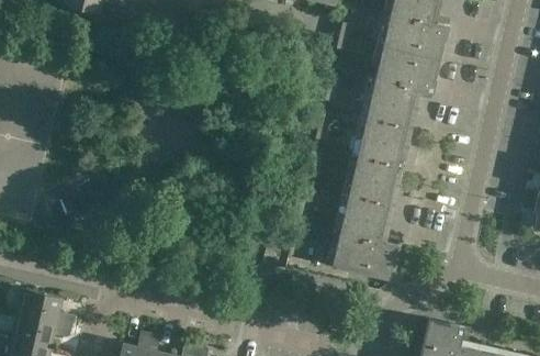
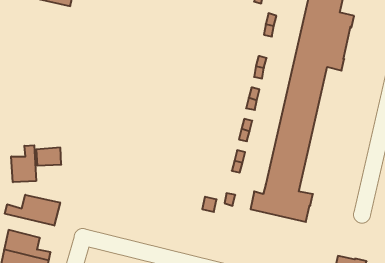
building: none -> [11,145,36,182]
building: none -> [5,195,60,226]

